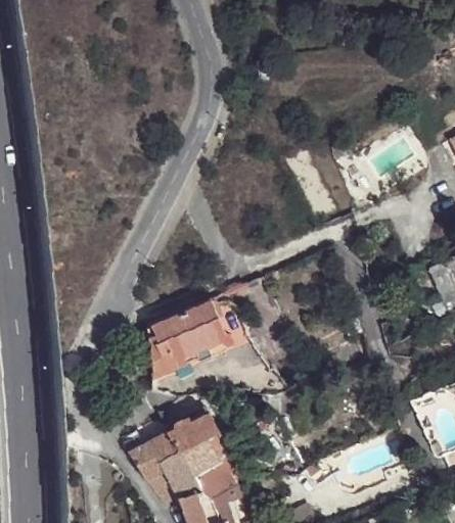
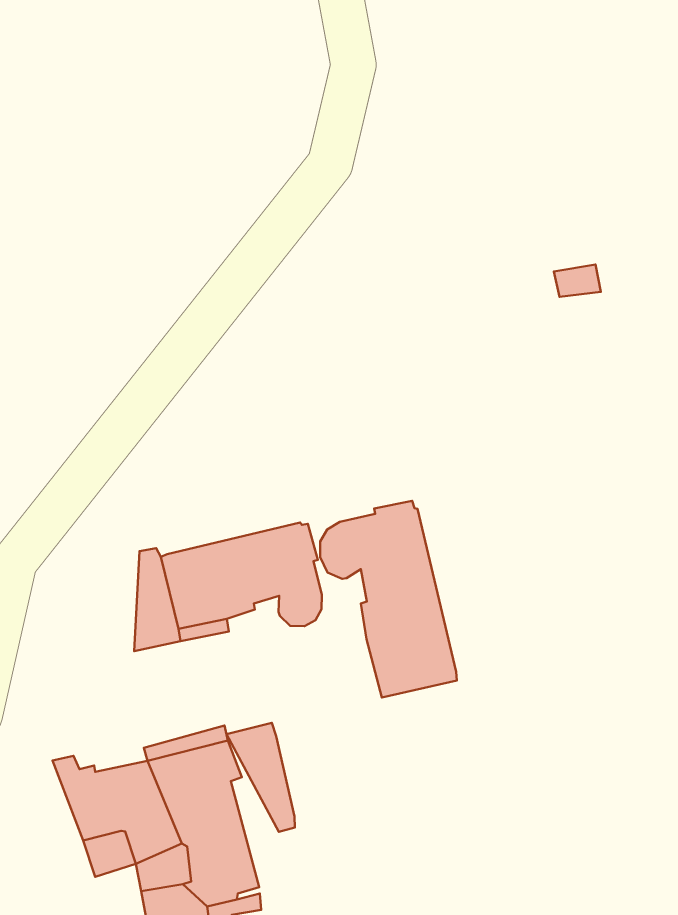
building: none -> [320,501,457,697]
building: none -> [226,723,295,832]

